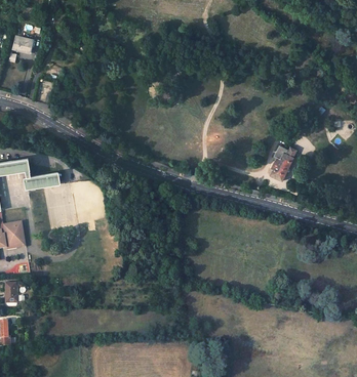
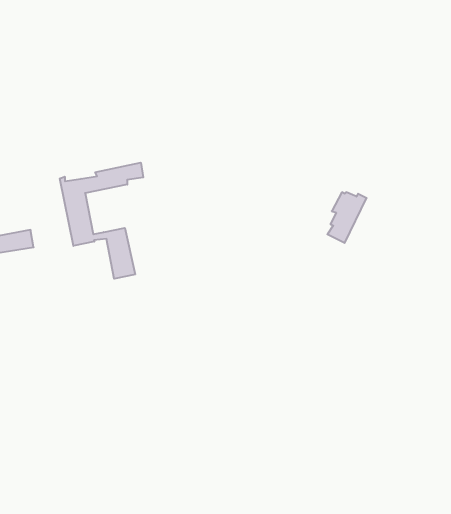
building: none -> [60,163,143,279]

